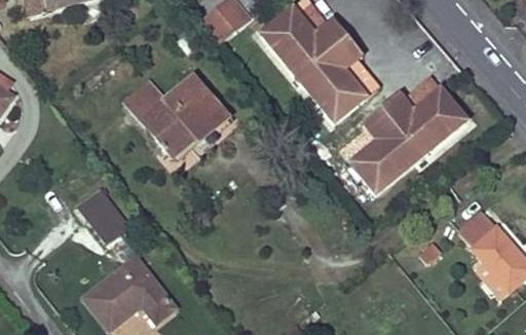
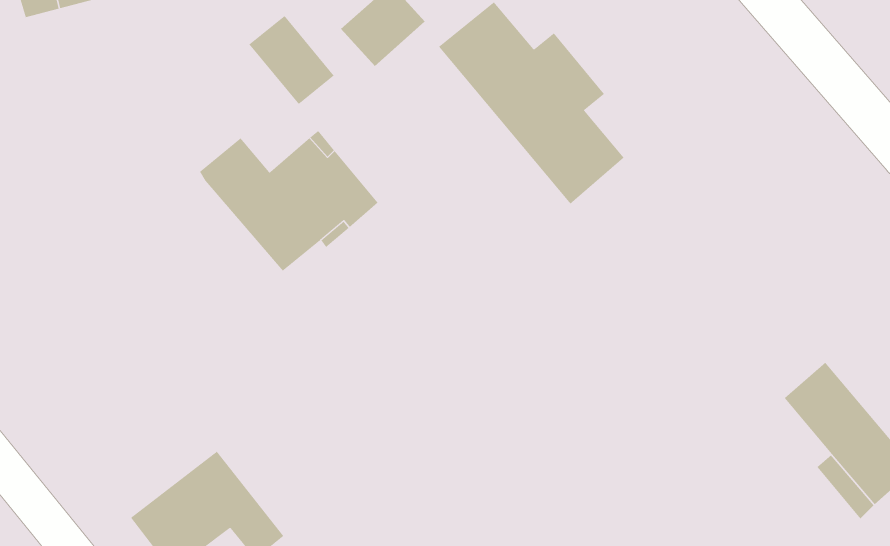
building: none -> [249,15,335,105]
building: [348,87,463,194] -> none
building: [77,189,129,246] -> none

